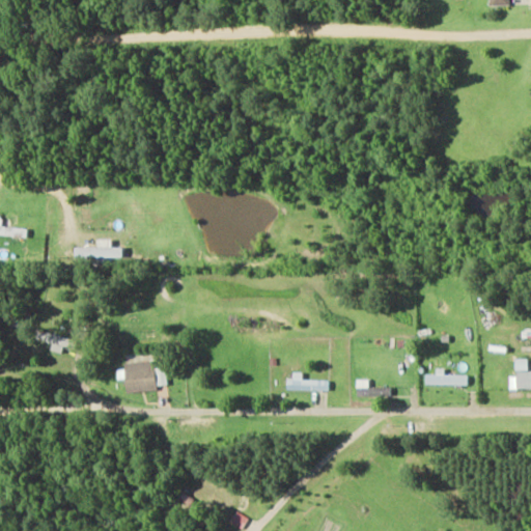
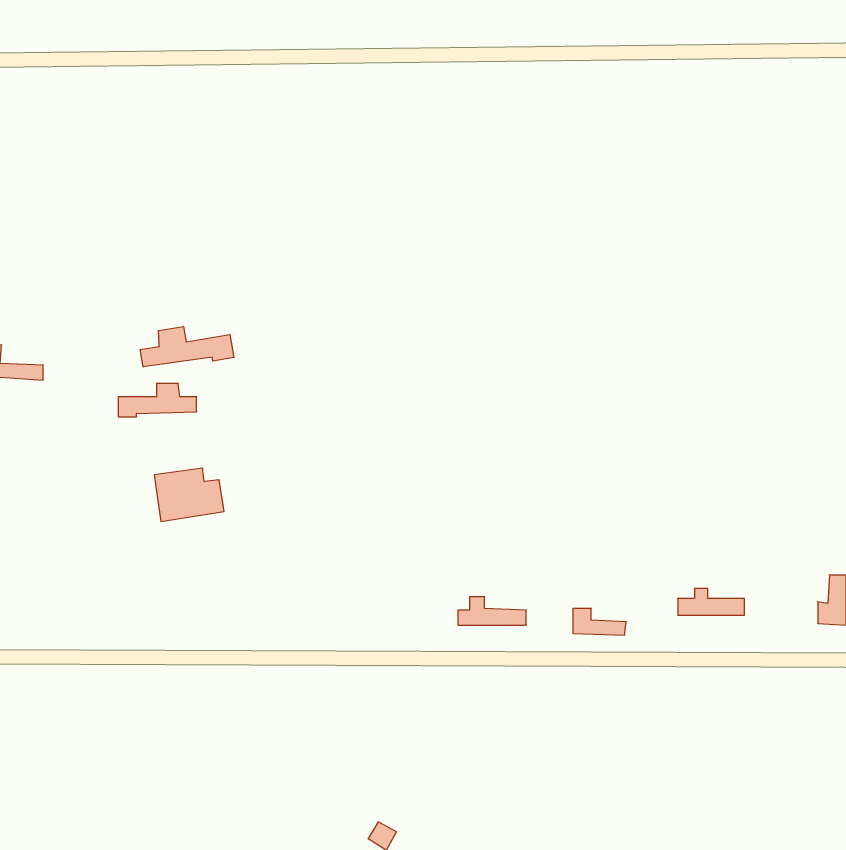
building: none -> [140,326,234,367]
building: [45,333,76,354] -> none
building: [122,360,166,393] -> [154,468,224,522]

